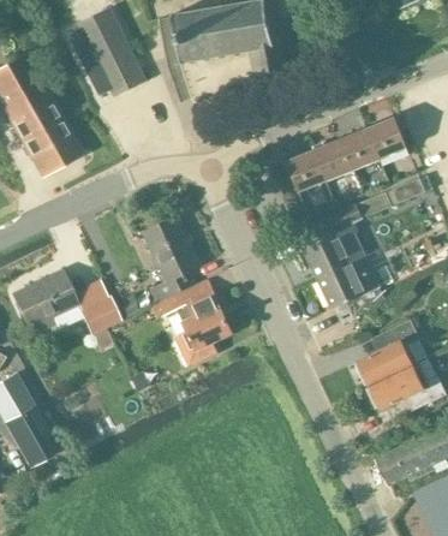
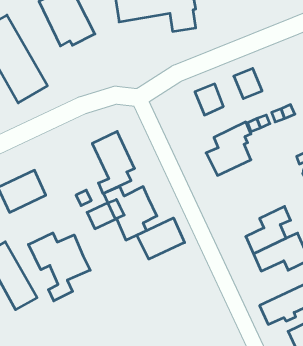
building: [366,117,407,159] -> none
building: [313,138,353,180] -> none
building: [317,255,386,317] -> none
building: [80,297,120,333] -> [87,203,116,229]
building: none -> [137,218,185,259]
building: none -> [28,233,90,301]

